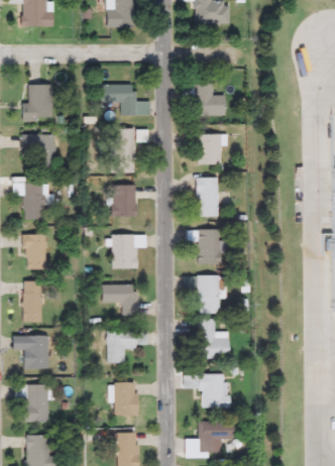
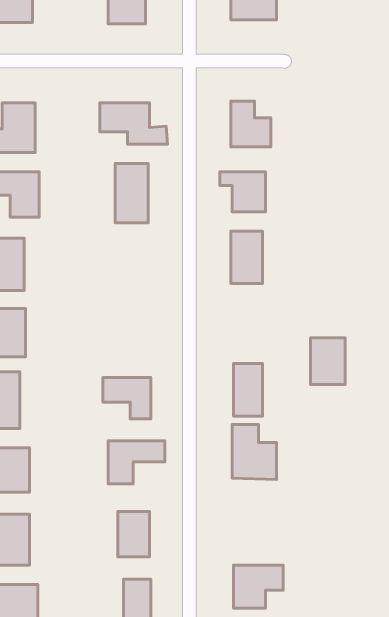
building: [111,185,135,217] -> none
building: [199,229,224,263] -> [311,338,345,385]
building: [111,234,145,268] -> none
building: [199,374,229,407] -> none

